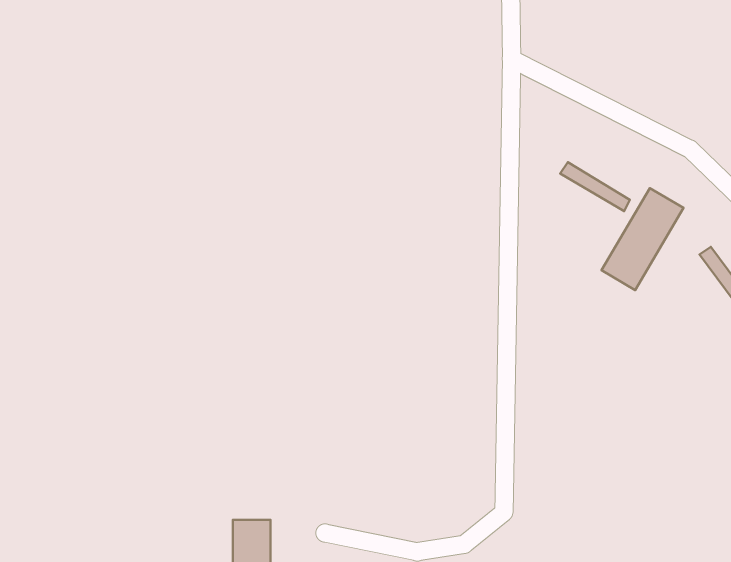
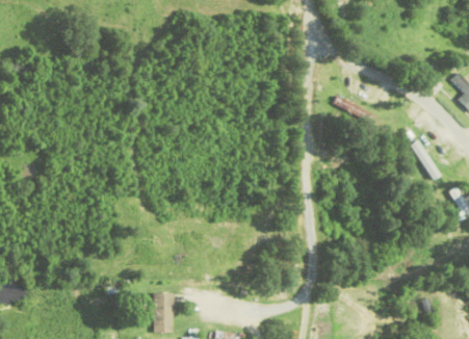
building: [601,188,683,290] -> none

